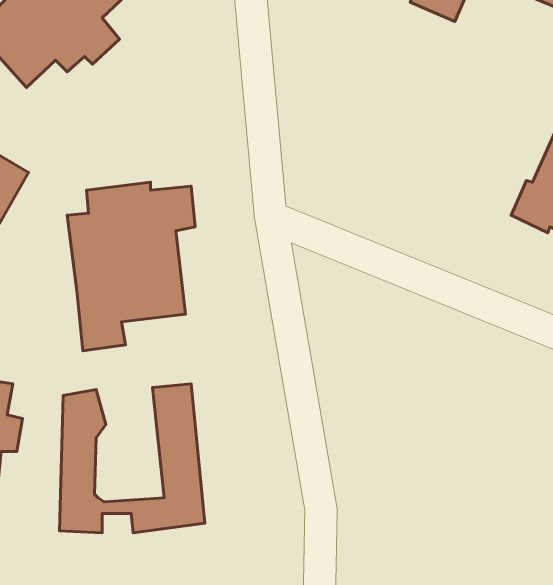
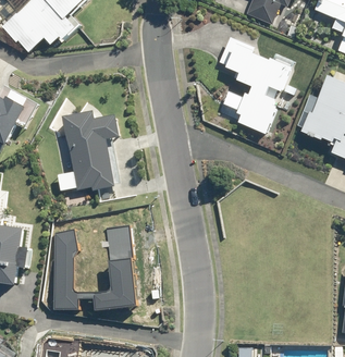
building: none -> [219,38,297,135]

